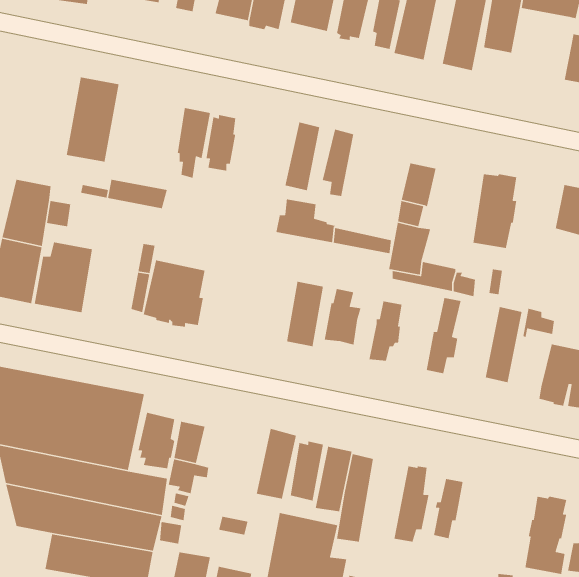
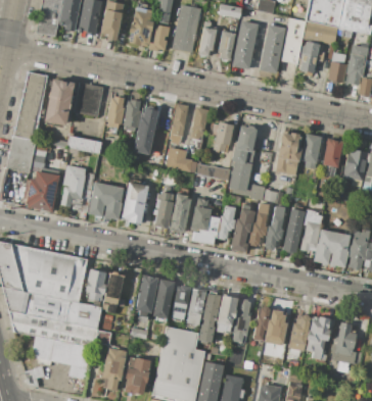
building: none -> [299,41,325,76]
building: none -> [15,71,49,140]
building: none -> [75,83,102,116]
building: none -> [135,108,158,153]
building: none -> [211,120,234,152]
building: none -> [301,134,321,169]
building: none -> [59,164,87,206]
building: none -> [122,182,148,223]
building: none -> [153,193,174,228]
building: none -> [231,205,254,251]
building: none -> [265,206,285,250]
building: none -> [192,216,221,245]
building: none -> [300,221,322,254]
building: none -> [136,274,158,321]
building: none -> [216,295,238,333]
building: none -> [265,309,287,348]
building: none -> [289,314,311,356]

